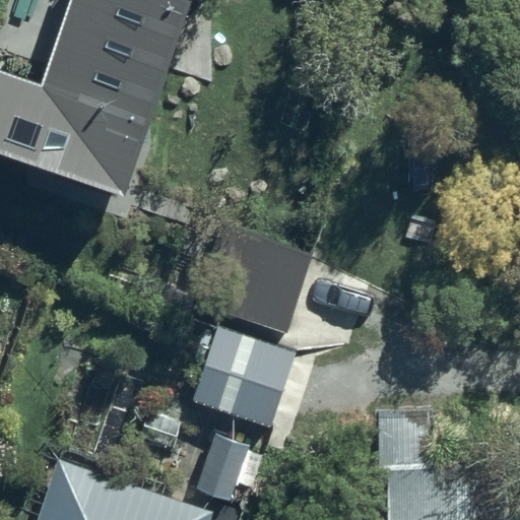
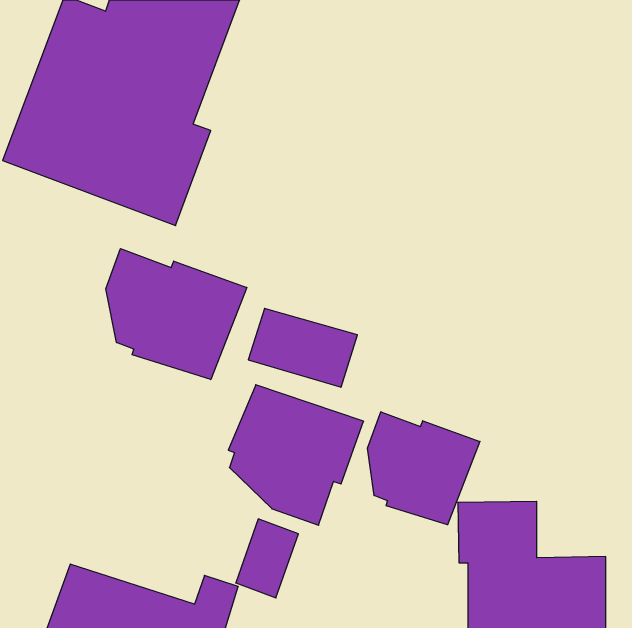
building: none -> [106,249,247,380]
building: none -> [368,412,480,525]

